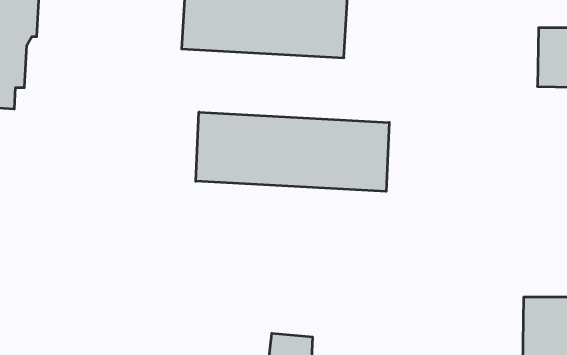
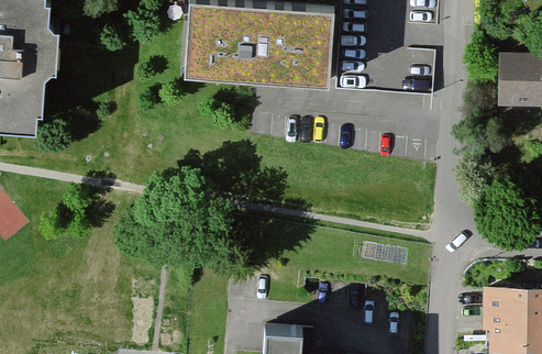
building: [196,112,389,191] -> none

